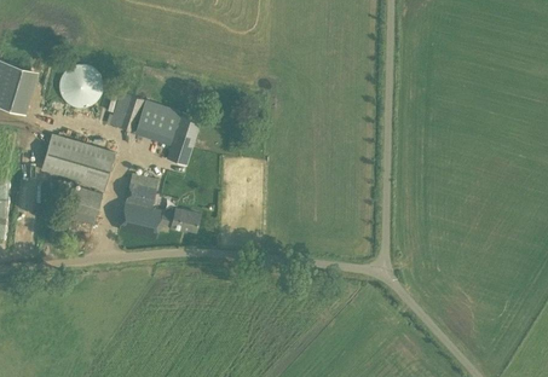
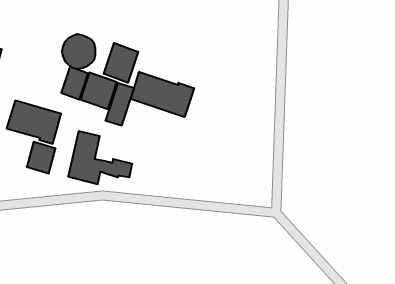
building: none -> [104,43,138,83]
building: [60,64,103,108] -> [62,34,95,69]
building: none -> [131,72,194,117]

